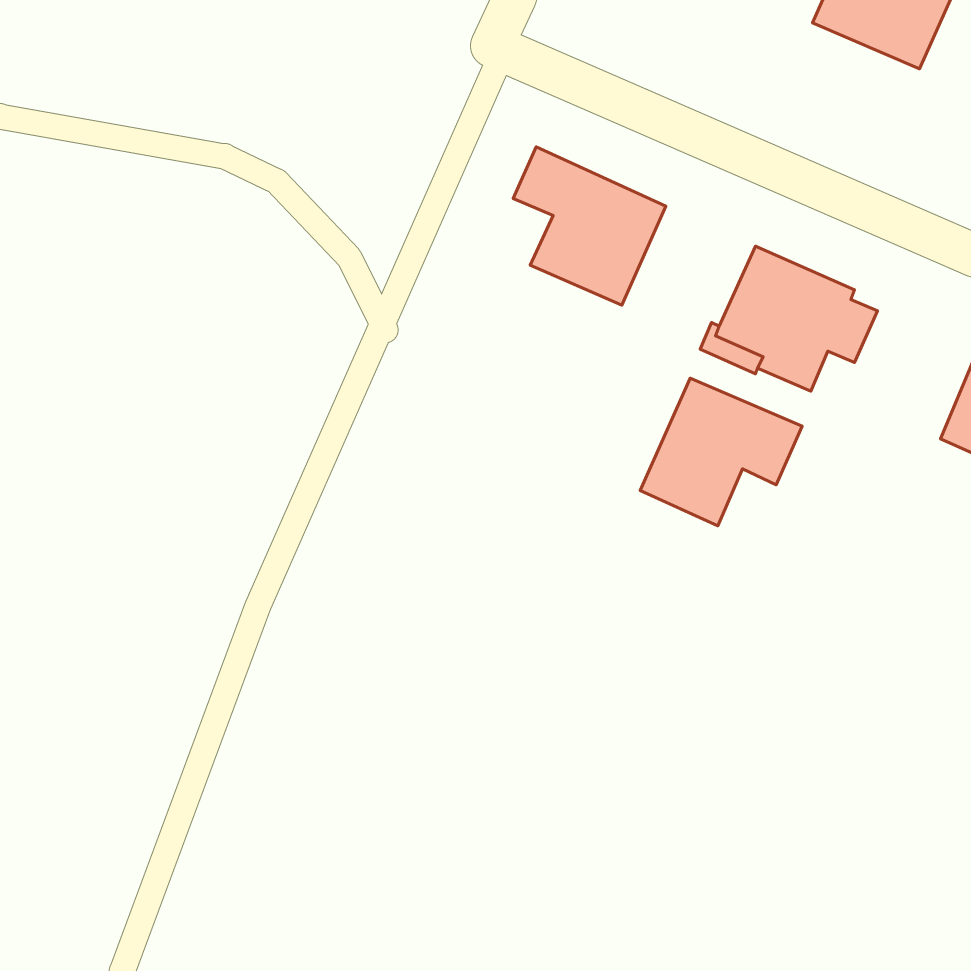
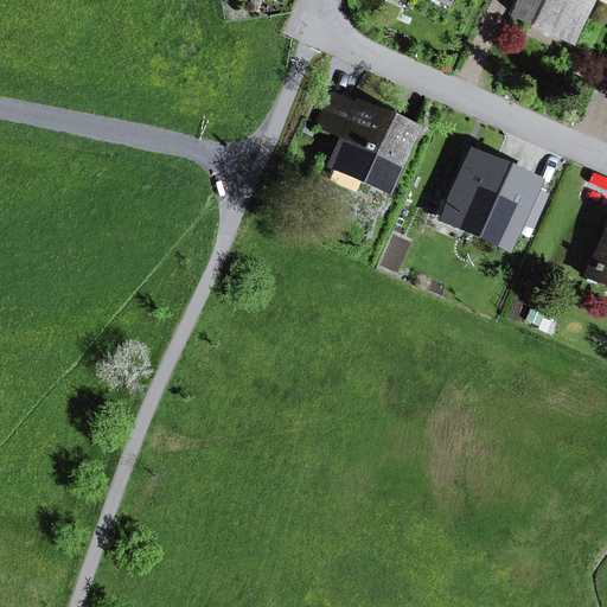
building: [640,378,802,526] -> none

